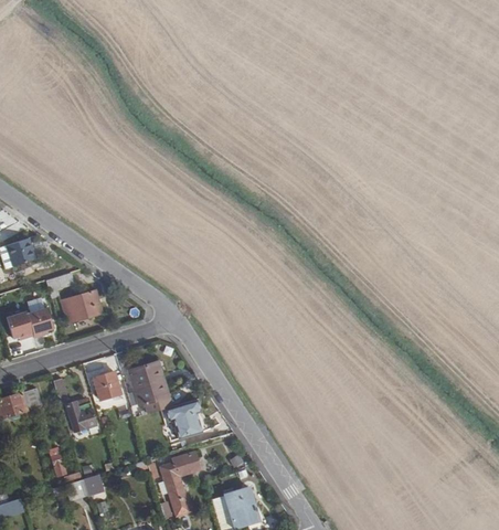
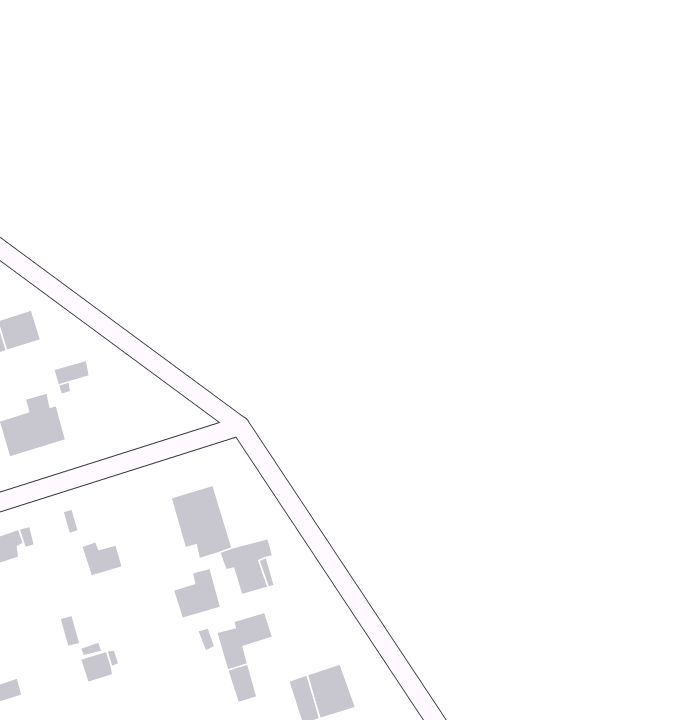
building: [61,290,98,324] -> none
building: [93,369,127,400] -> none
building: none -> [173,568,221,619]

